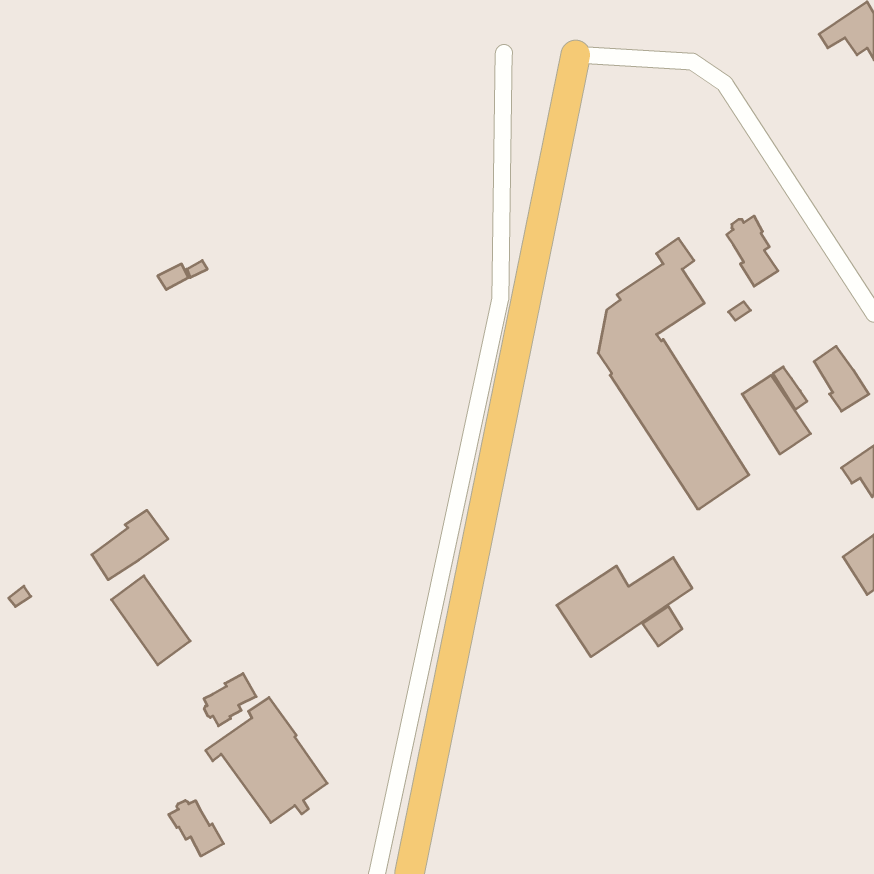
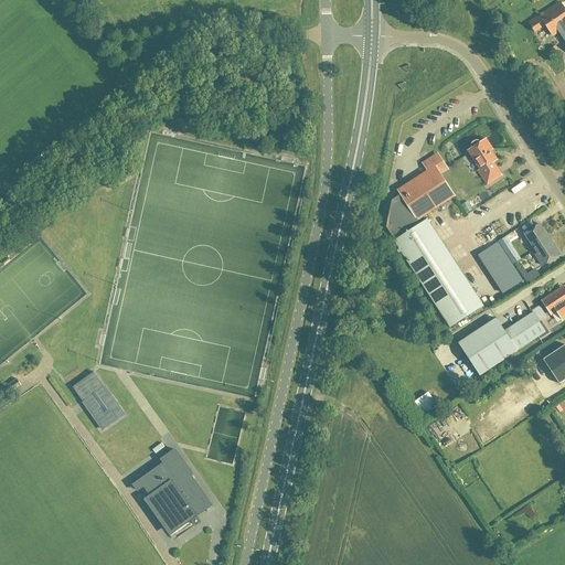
building: [92,510,168,580] -> none
building: [557,557,692,657] -> [457,311,544,375]
building: [204,673,256,726] -> none
building: [169,800,224,856] -> none

